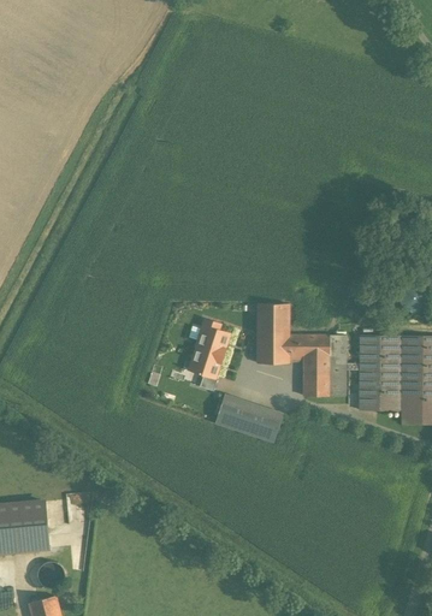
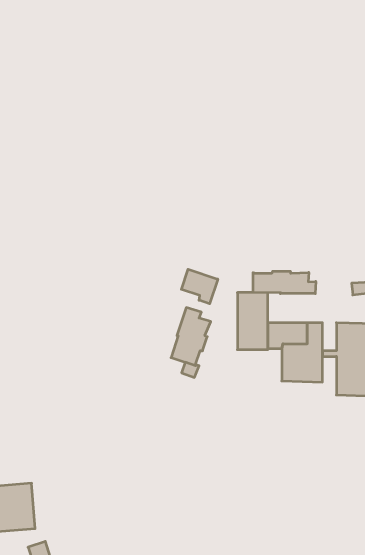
building: none -> [181,269,218,304]
building: none -> [253,271,316,294]
building: [215,395,283,442] -> none

